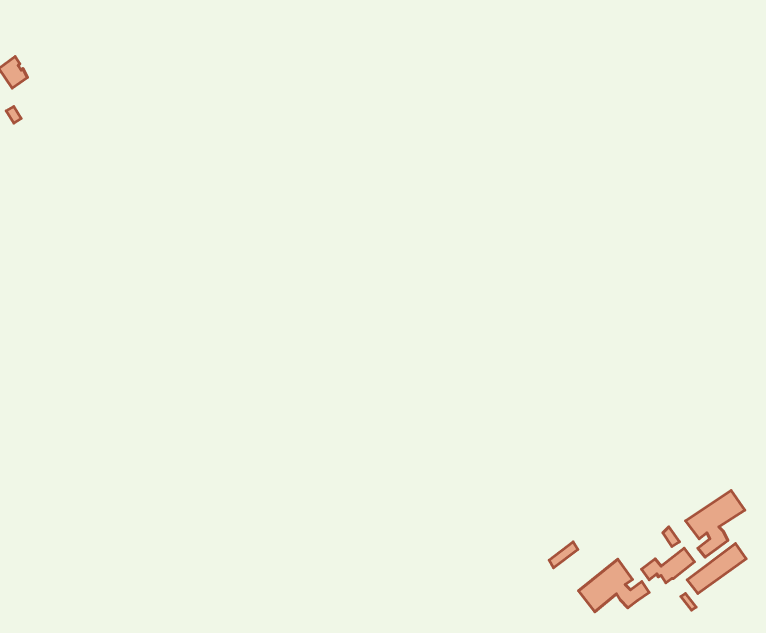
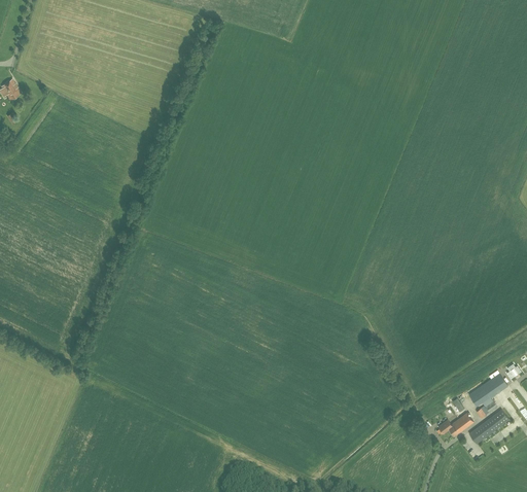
building: [579,559,649,612] -> none

